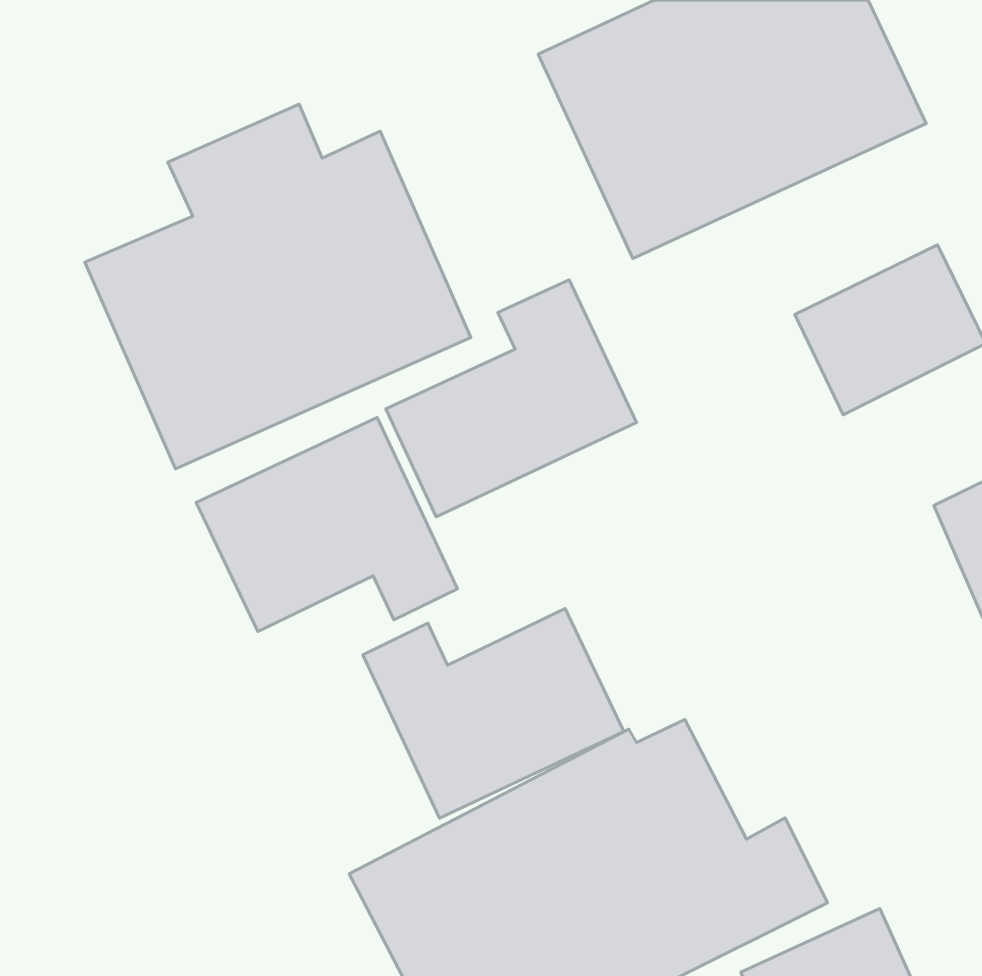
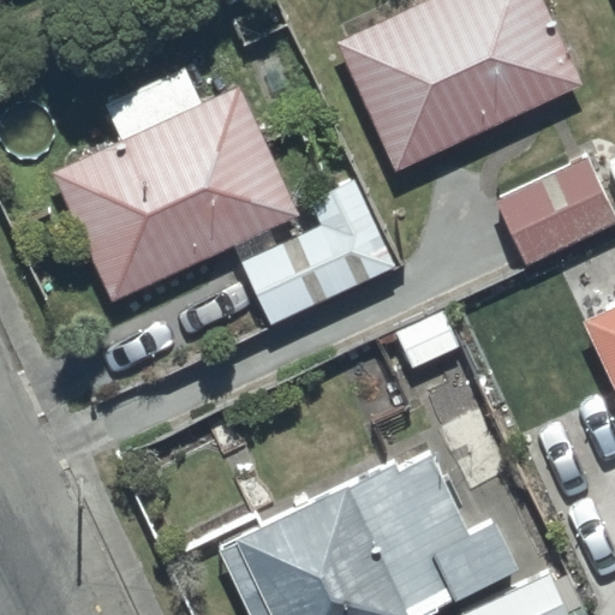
building: [196,417,458,632] -> none
building: [363,608,624,818] -> none

